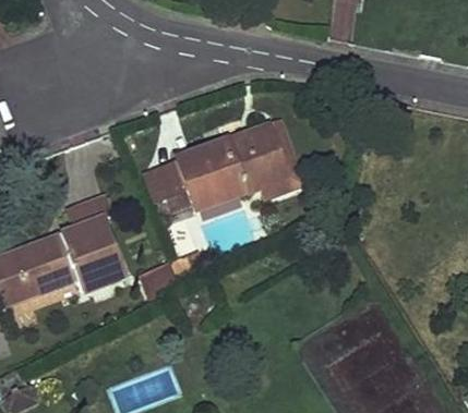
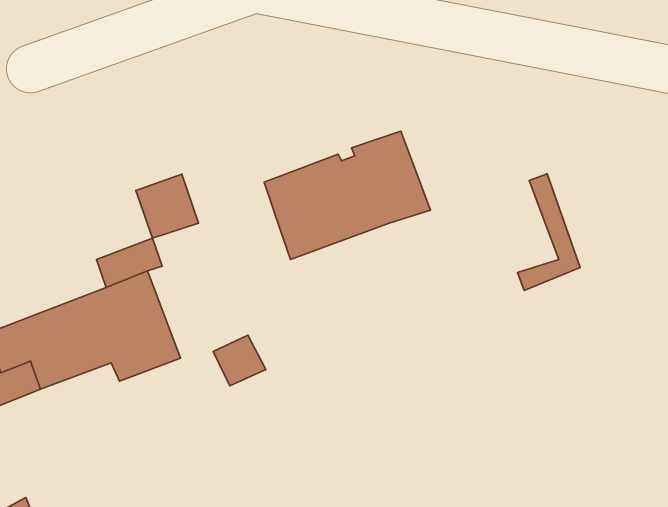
building: [261,121,302,198] -> [518,174,580,291]
building: [147,159,189,202] -> [136,174,198,238]

